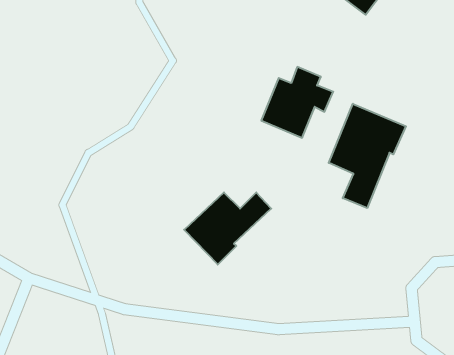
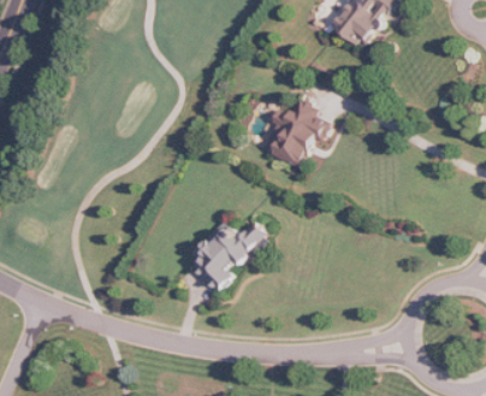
building: [329,104,406,208] -> none

